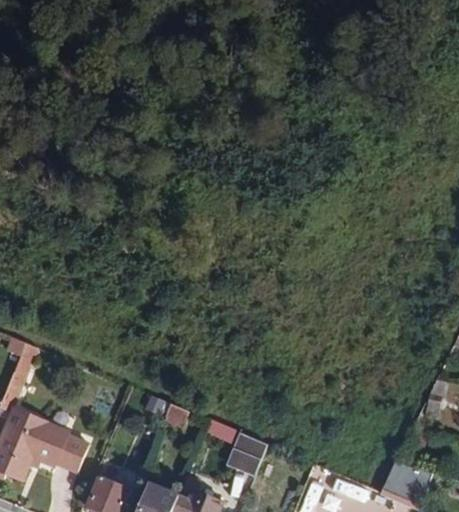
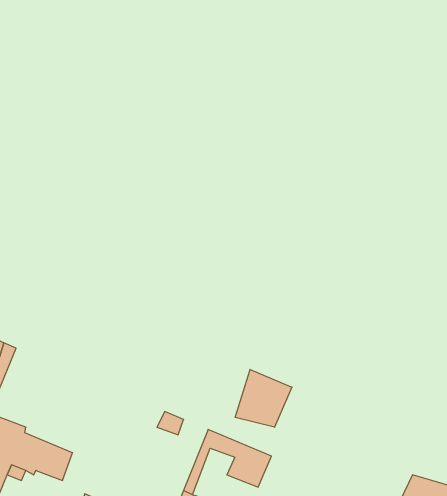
building: none -> [235,369,292,427]

